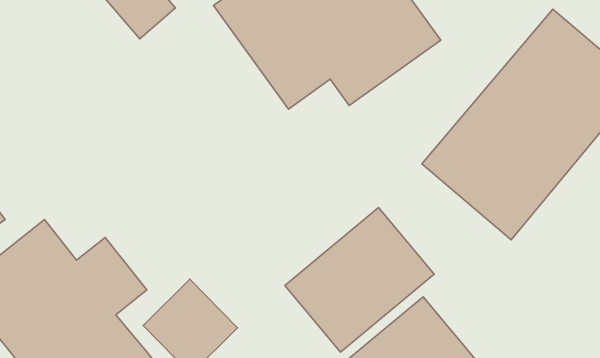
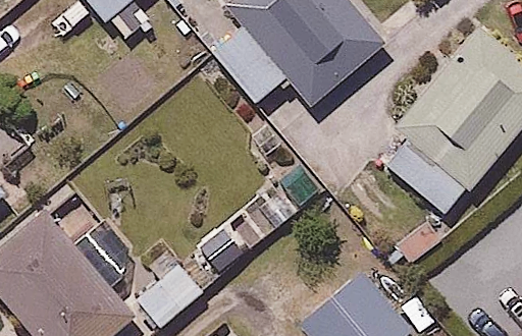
building: [285,207,434,352] -> none

